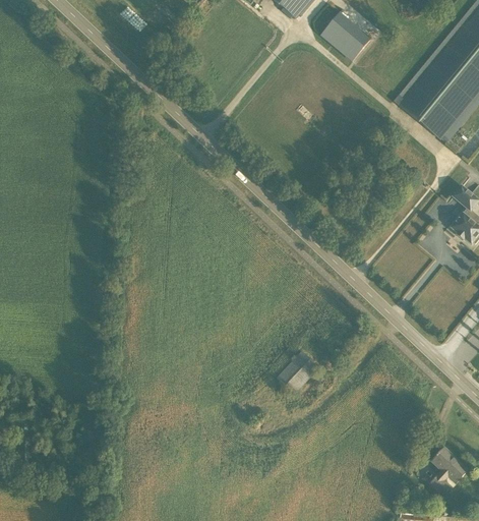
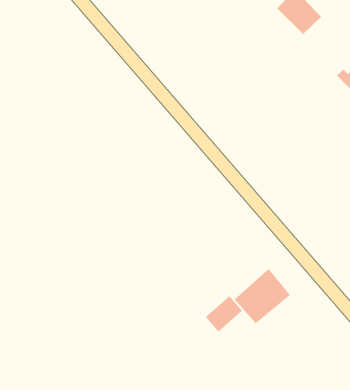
building: none -> [234,268,291,324]

